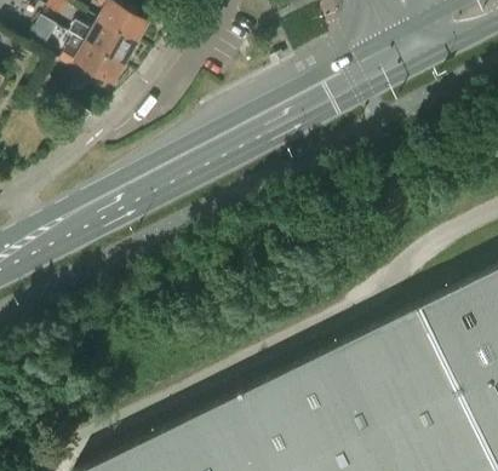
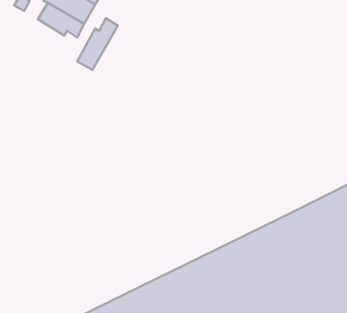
building: none -> [77,18,118,70]

